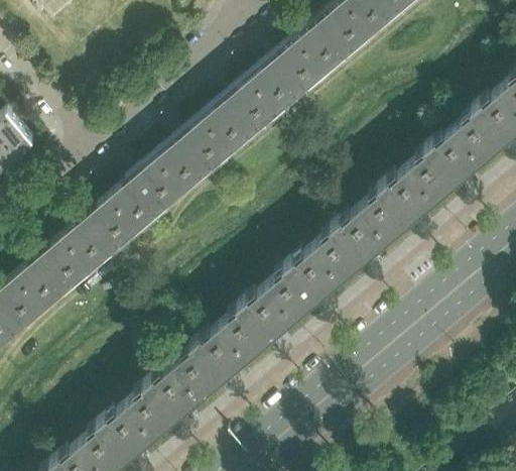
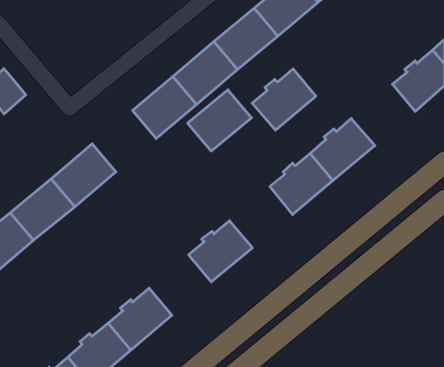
building: [407,131,481,202] -> [252,69,316,130]
building: [109,161,182,232] -> [188,90,252,151]
building: [267,249,340,320] -> none
building: [174,328,246,397] -> none

